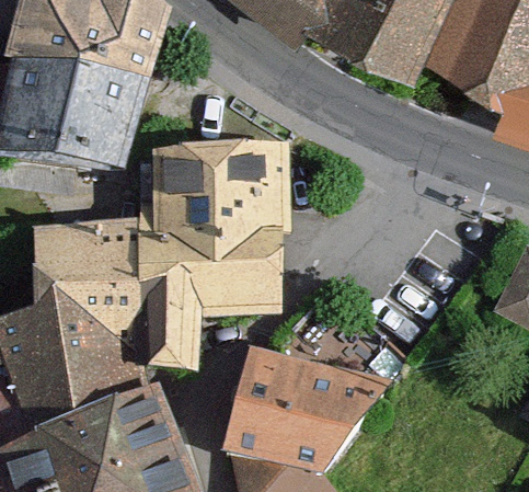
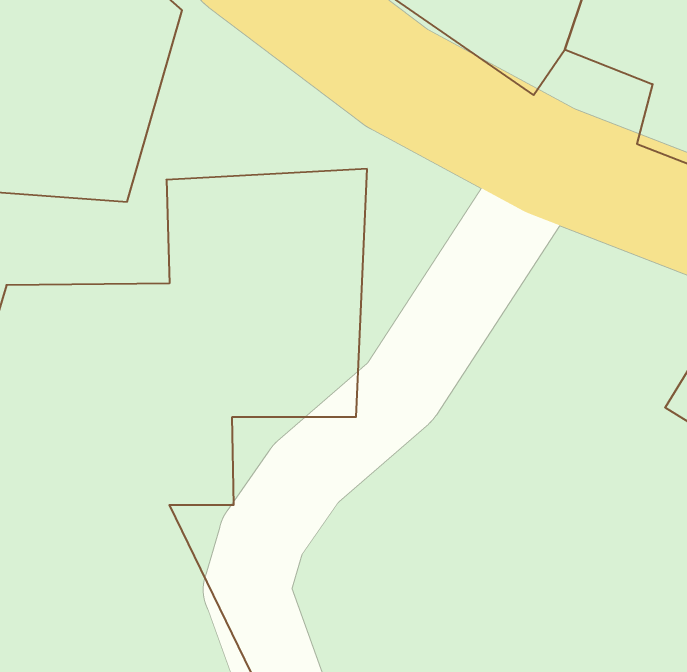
building: [225,361,393,484] -> none

